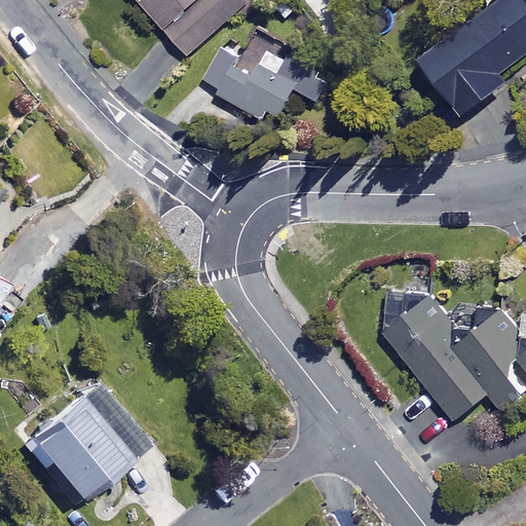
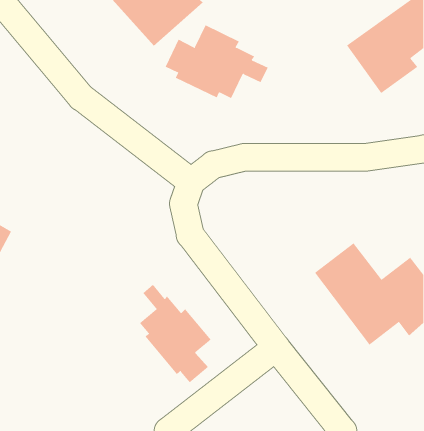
building: none -> [139,284,211,383]
building: [23,384,149,500] -> none

